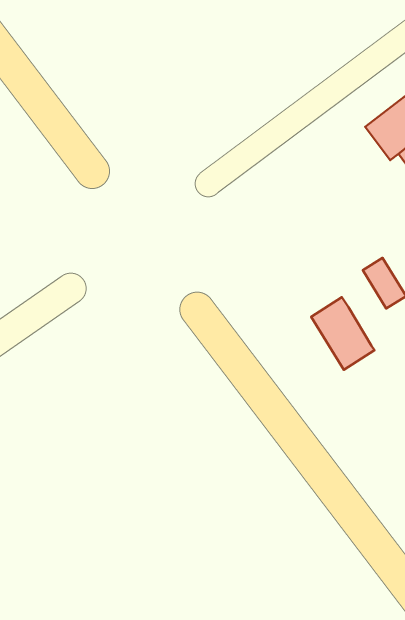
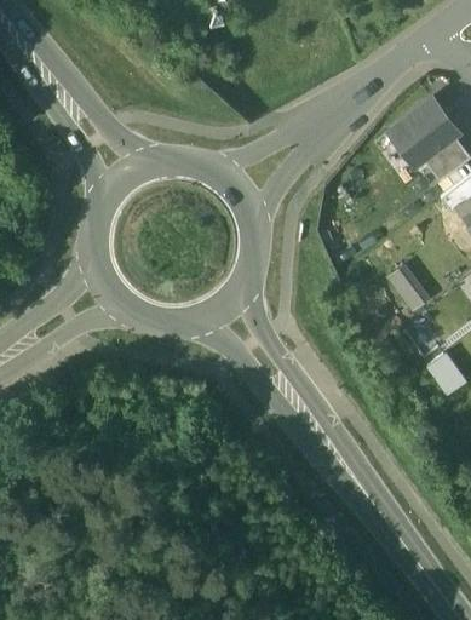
building: [311,297,374,370] -> none

